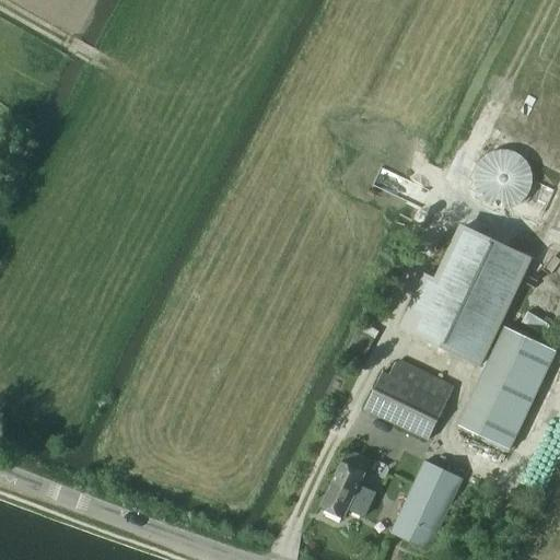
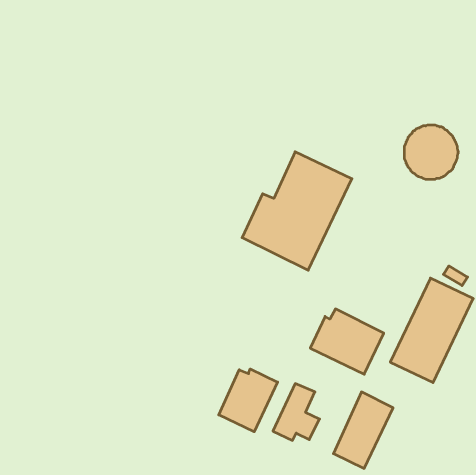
building: [400,225,529,364] -> [242,152,352,270]
building: none -> [219,369,278,432]

